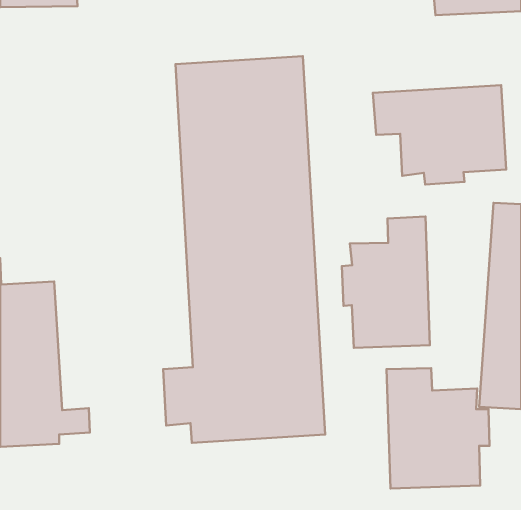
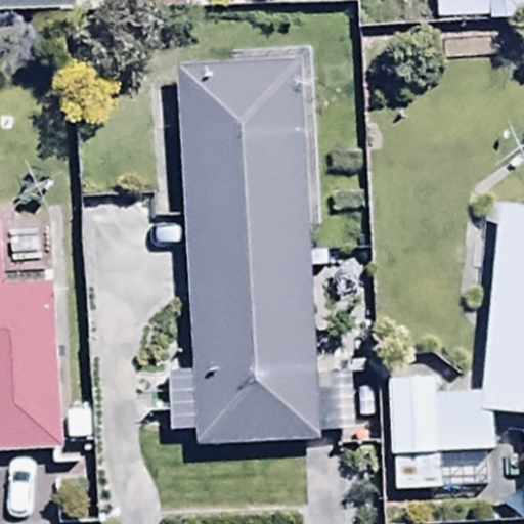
building: [373,85,506,184] -> none
building: [342,217,430,348] -> none

